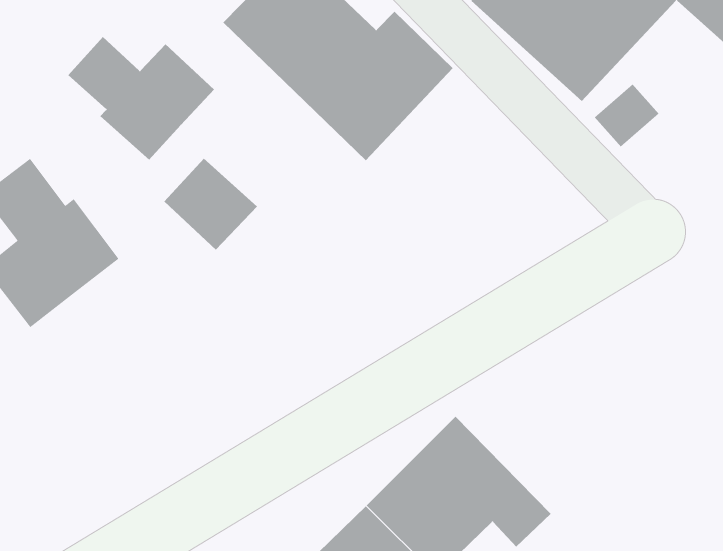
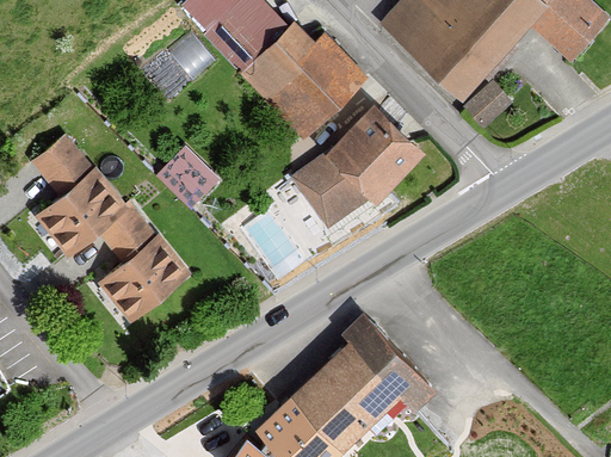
building: [68,36,215,161] -> none
building: none -> [291,104,418,229]
building: none -> [95,205,192,325]

